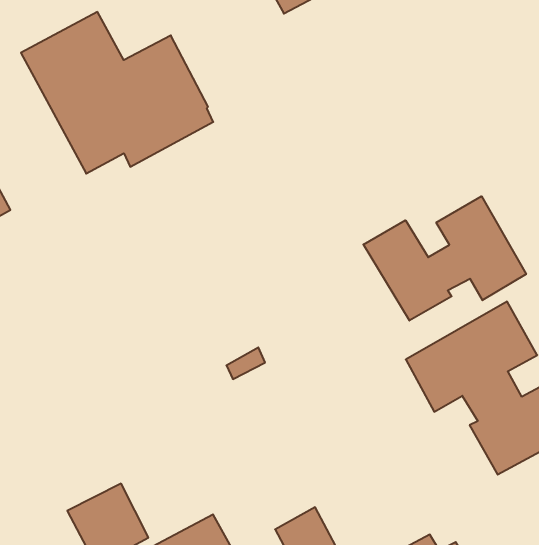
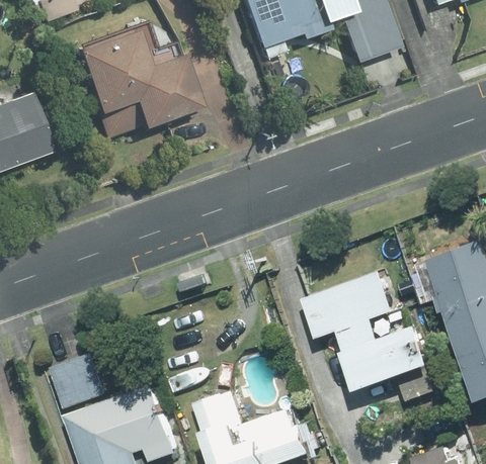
building: [363,196,526,321] -> none

